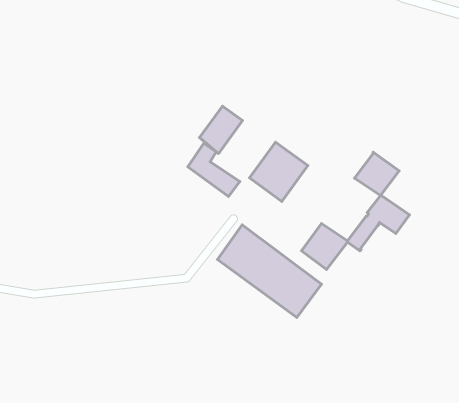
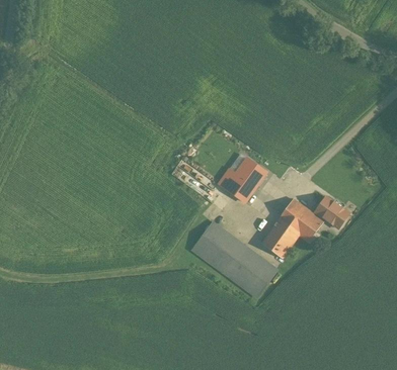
building: [199,106,242,154] -> none
building: [355,152,399,196] -> [277,199,314,235]

